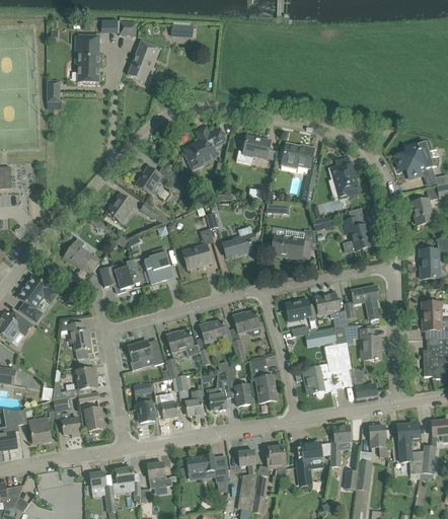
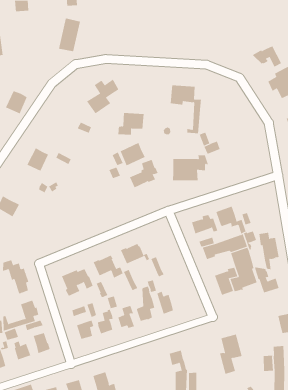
building: [128,41,158,81] -> [58,18,81,52]
building: none -> [252,46,282,67]
building: [236,136,271,163] -> [118,113,145,135]
building: [328,156,357,196] -> none
building: [135,166,162,195] -> [5,90,27,114]
building: [343,217,372,250] -> none
building: [182,244,211,270] -> [120,142,145,166]
building: [144,247,177,283] -> none
building: [99,265,134,293] -> none
building: [351,285,379,319] -> none
building: [233,310,265,337] -> none
building: [249,359,277,402] -> none
building: [331,426,351,465] -> none
building: [267,446,285,478] -> none
building: [186,454,228,483] -> none

